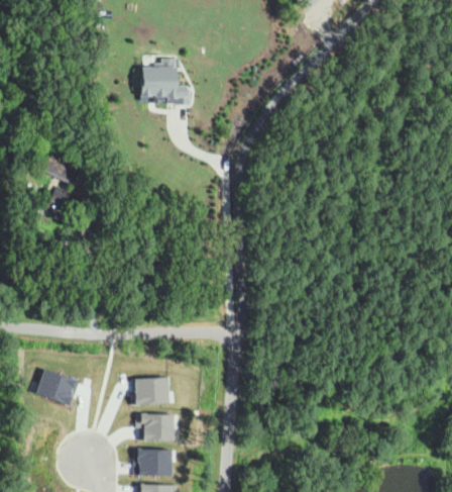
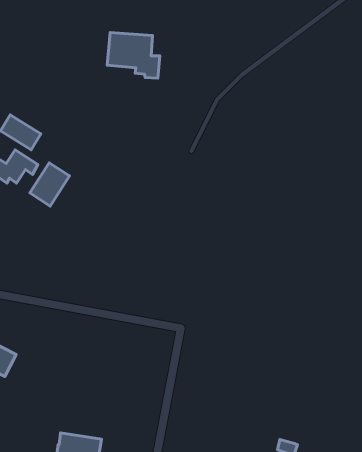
building: none -> [30,163,70,206]
building: [139,374,177,402] -> none
building: [136,414,181,441] -> none

